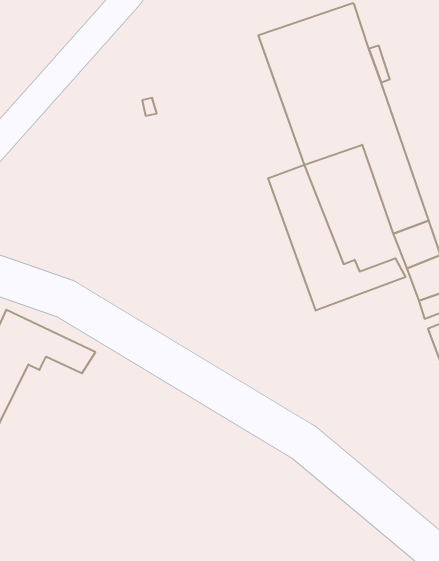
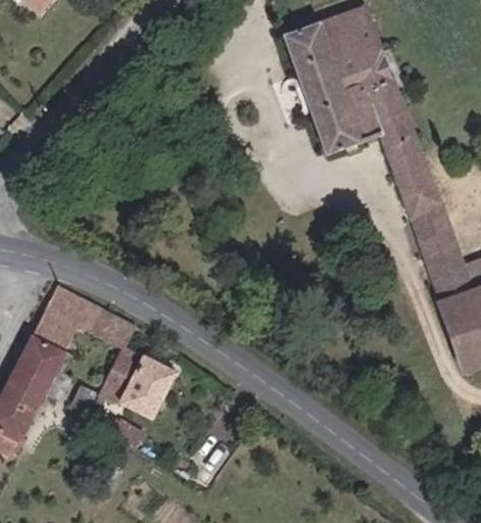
building: [268,165,405,311] -> none
building: none -> [101,326,173,416]

